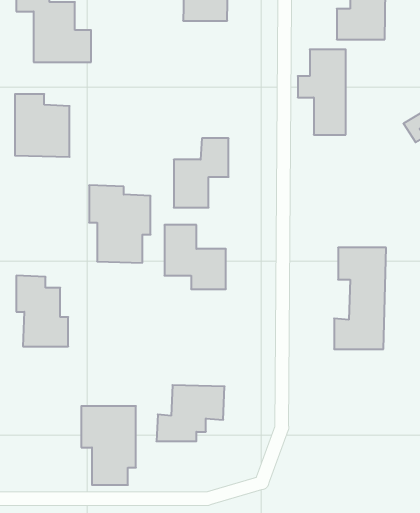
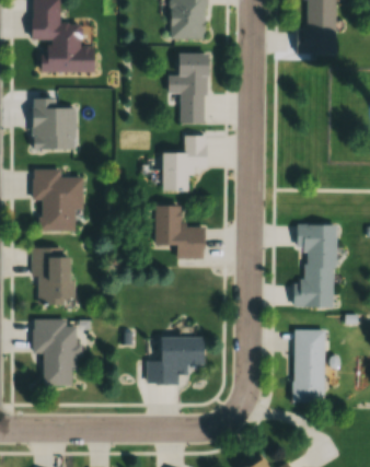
building: [298,49,346,135] -> [167,54,207,124]
building: [89,185,151,263] -> [33,168,83,232]
building: none -> [293,329,325,402]
building: [81,406,136,485] -> [34,319,79,384]

